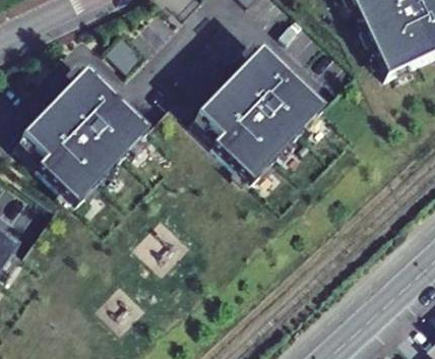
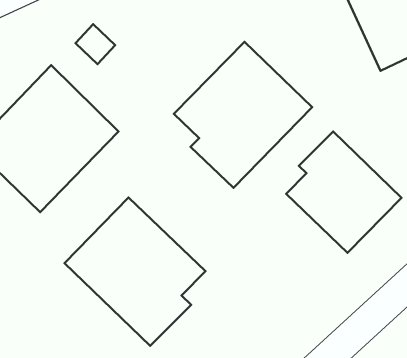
building: none -> [286,131,401,253]
building: none -> [65,197,206,346]

